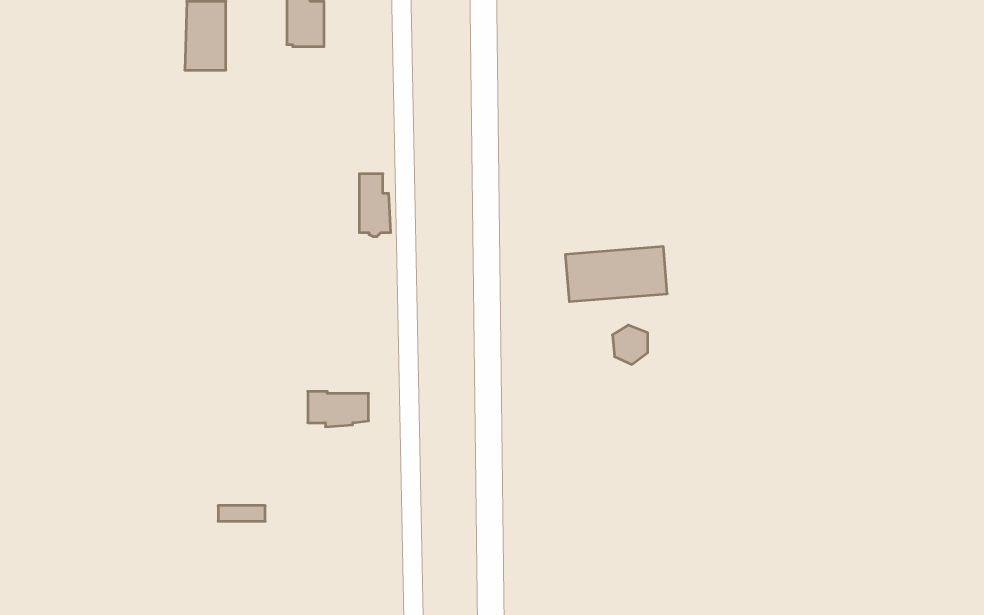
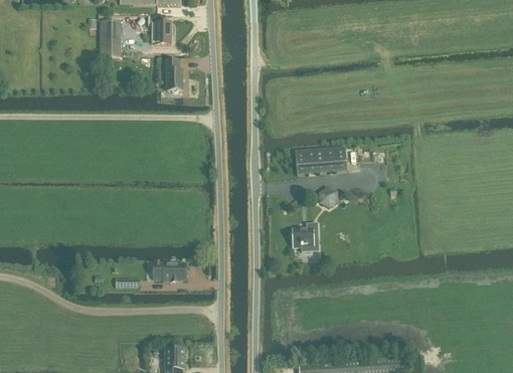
building: [359,174,391,237] -> [166,60,182,92]
building: [308,391,369,427] -> [153,263,184,282]
building: none -> [292,223,317,251]

